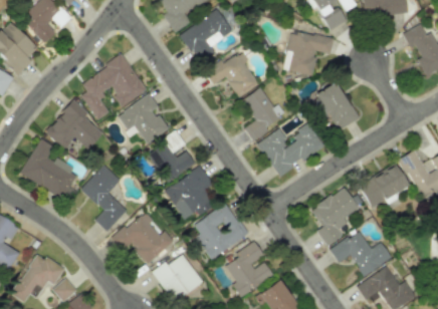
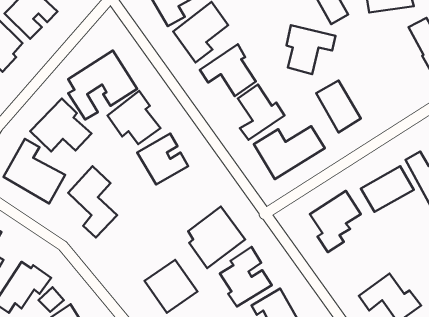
building: [166,167,215,220] -> none
building: [112,212,175,264] -> none
building: [331,230,392,275] -> none

